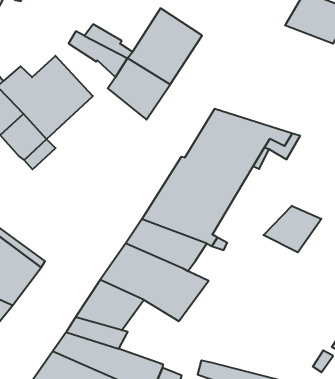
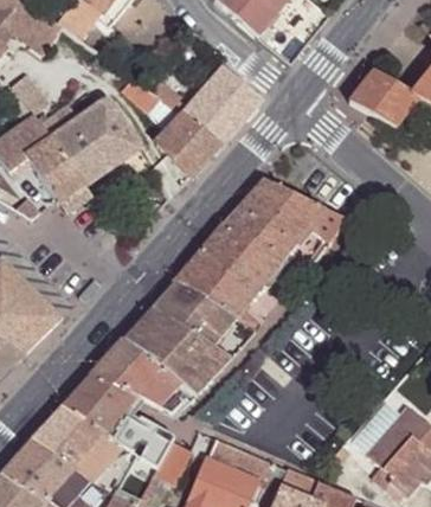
building: [263,206,321,252] -> none
building: none -> [136,366,197,413]

